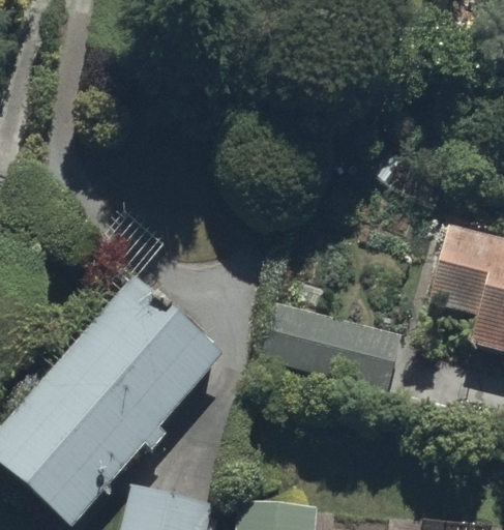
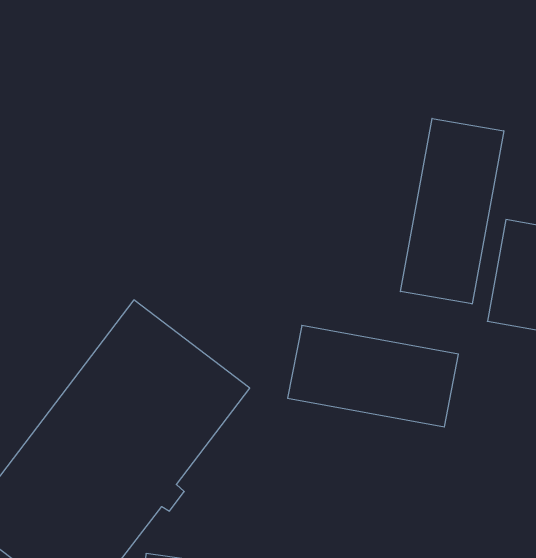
building: none -> [400,118,504,304]

